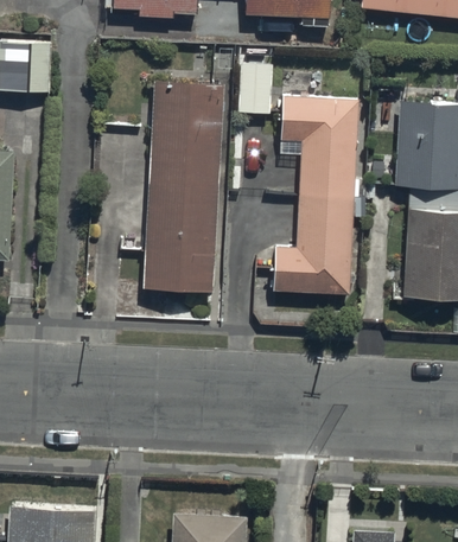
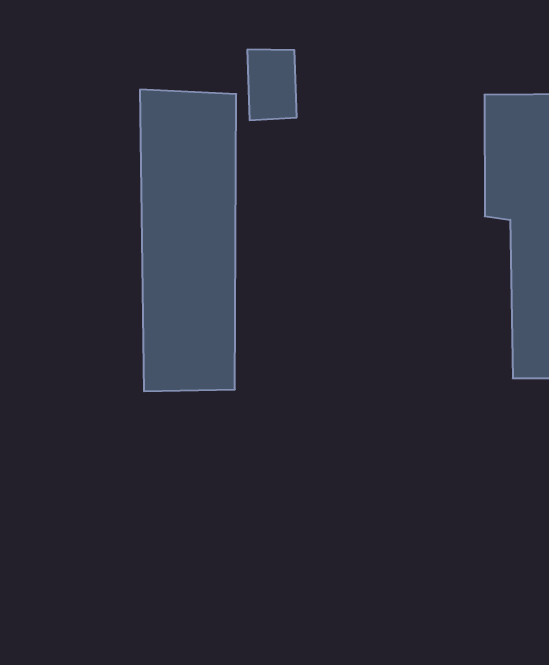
building: [274,97,361,296] -> none

